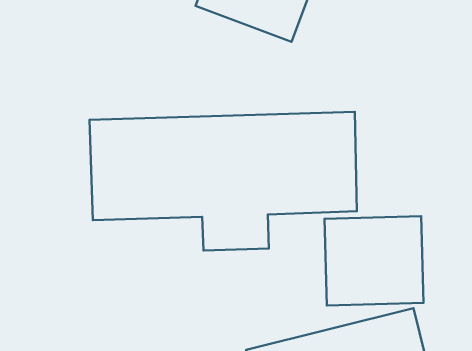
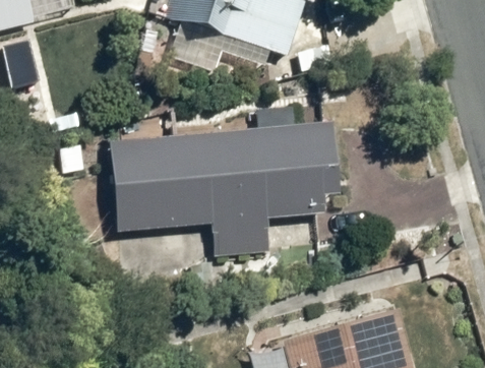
building: [325,216,423,306] -> none

